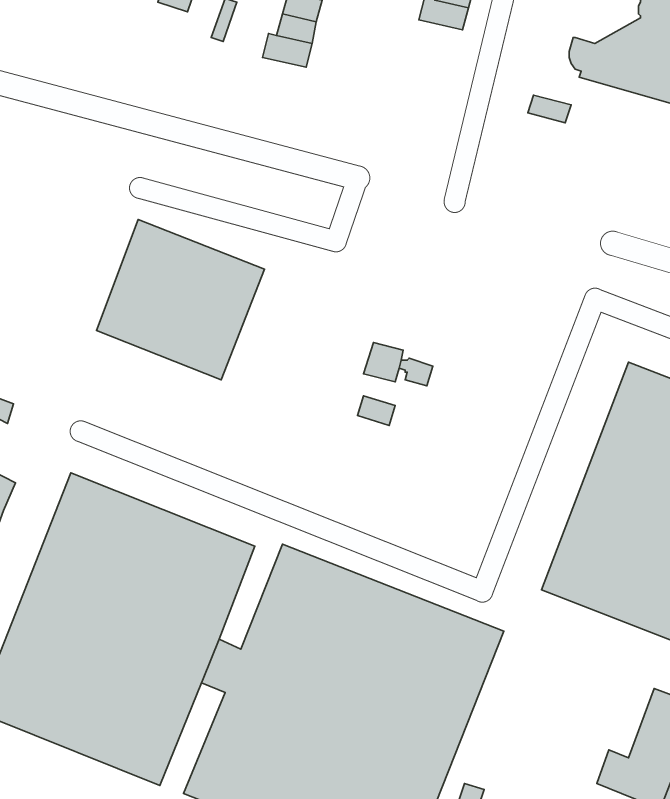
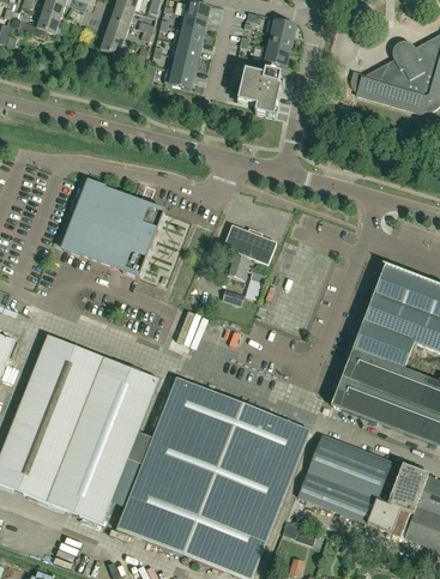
building: none -> [237,68,281,116]
building: none -> [223,224,277,263]
building: none -> [297,433,402,521]

